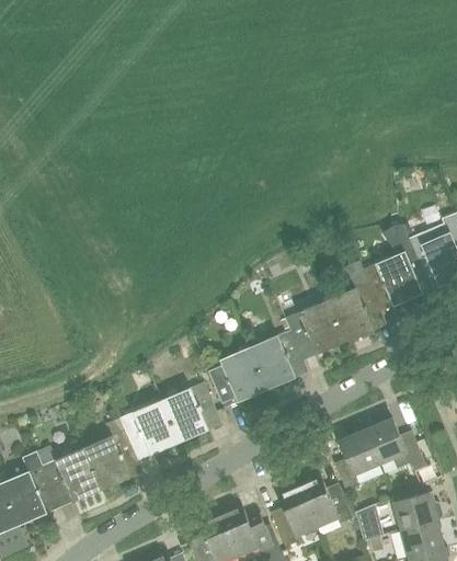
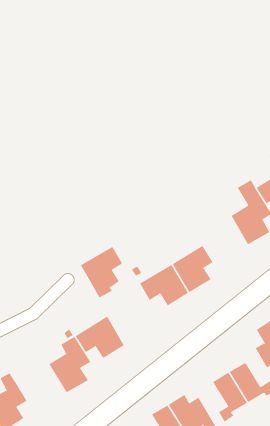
building: [286,300,346,373] -> none
building: [163,382,224,443] -> [80,246,132,298]
building: [43,448,103,508] -> none

